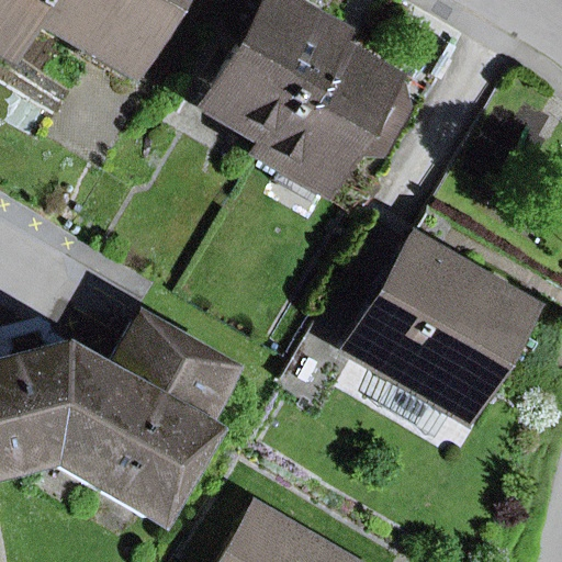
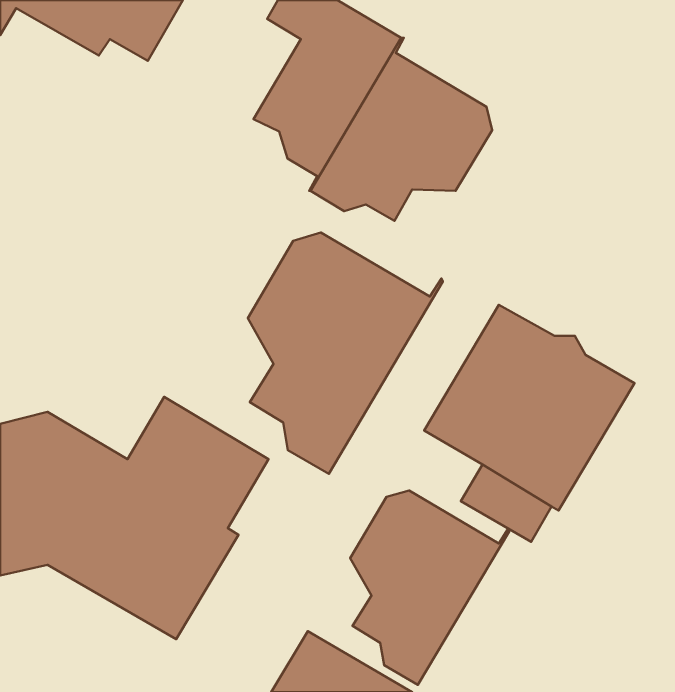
building: none -> [248,232,443,474]
building: none -> [350,490,509,685]

